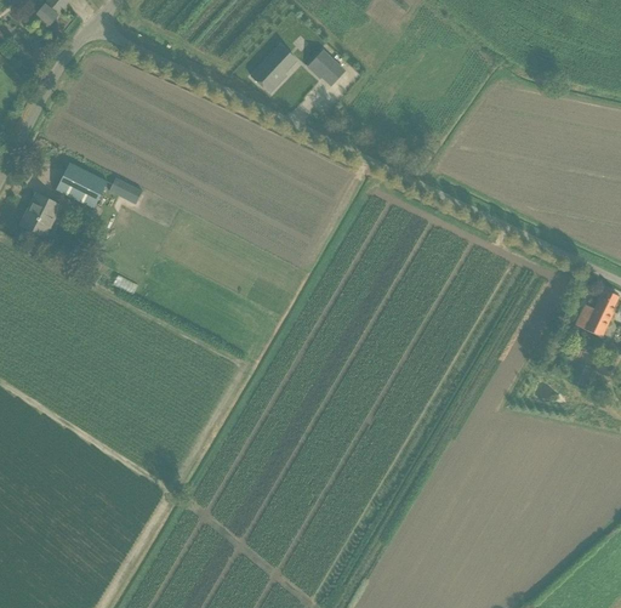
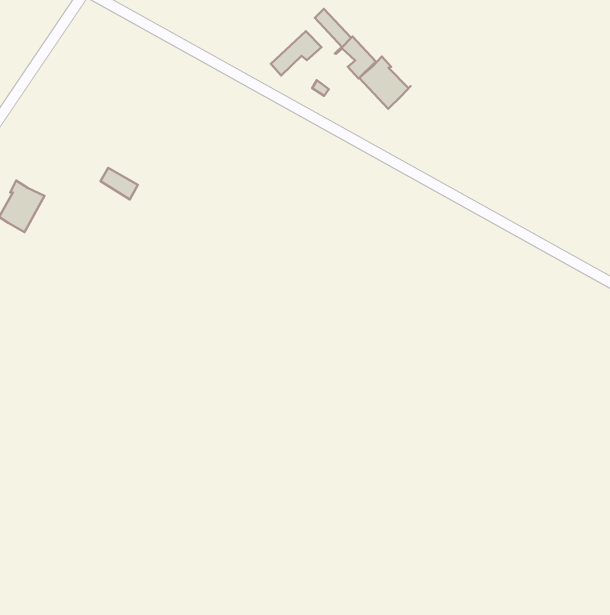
building: none -> [359,56,411,109]
building: [56,163,107,209] -> none

